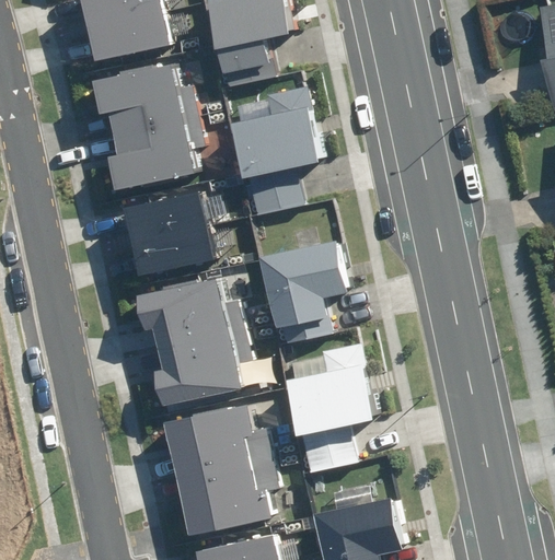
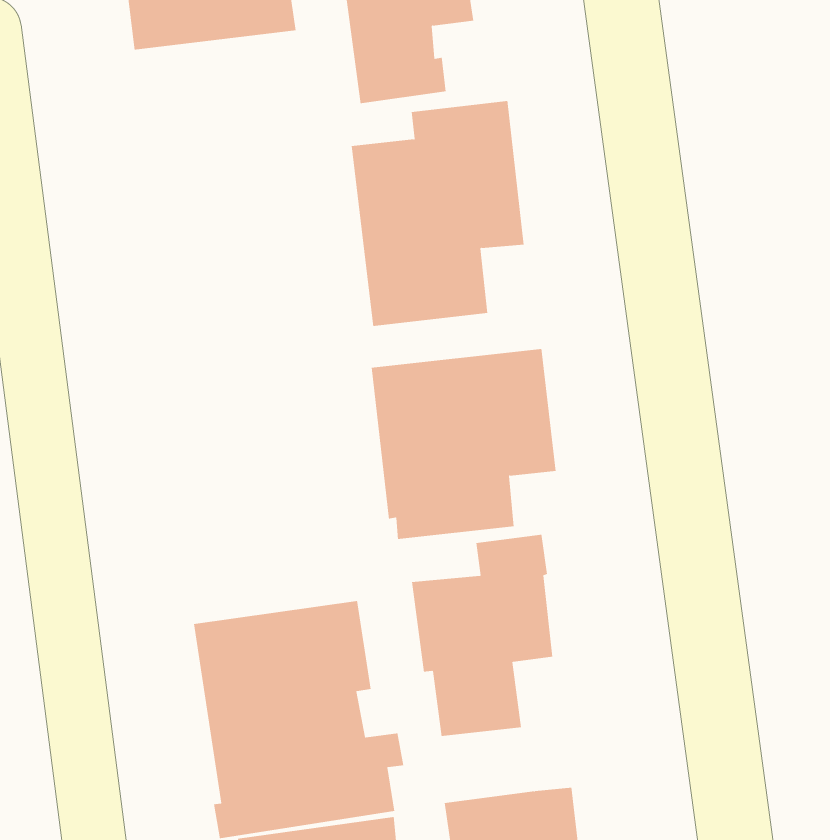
building: [89,60,213,188] -> none
building: [111,180,224,282] -> none
building: [132,280,251,407] -> none

